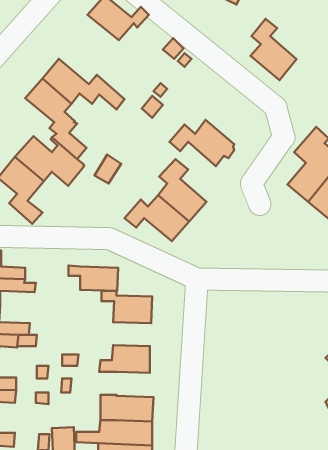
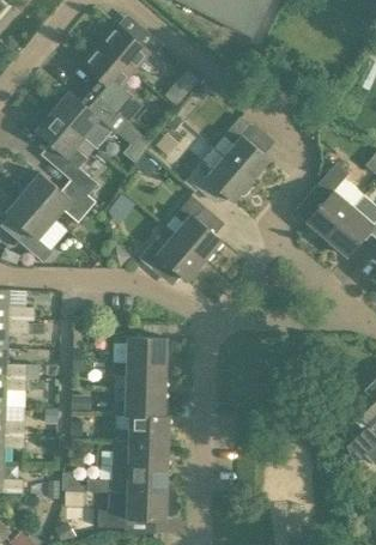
building: none -> [84,46,140,120]
building: [250,19,297,80] -> [222,116,269,180]
building: [69,265,118,291] -> [114,363,165,389]
building: none -> [115,416,168,442]

